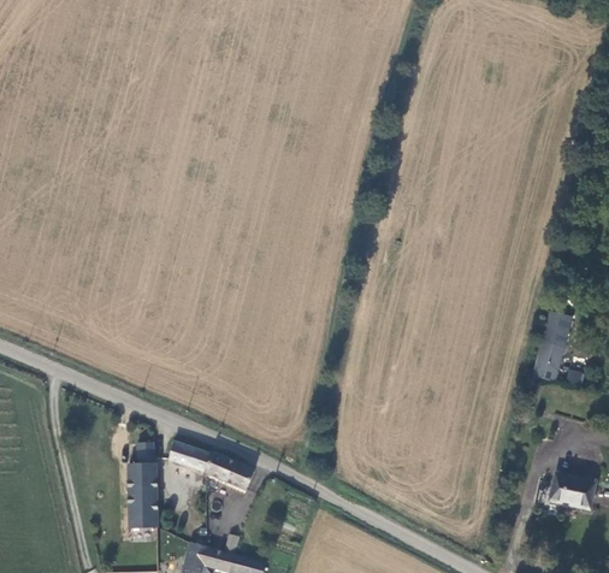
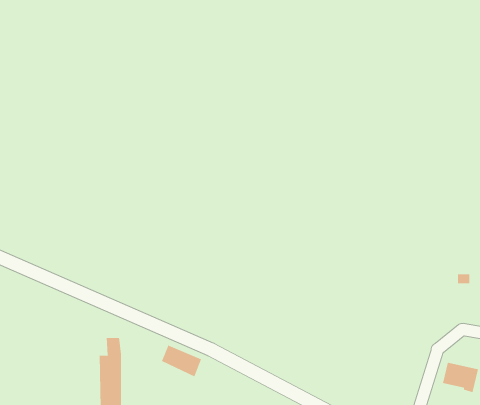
building: [532,308,572,380] -> none
building: [168,443,212,473] -> none

